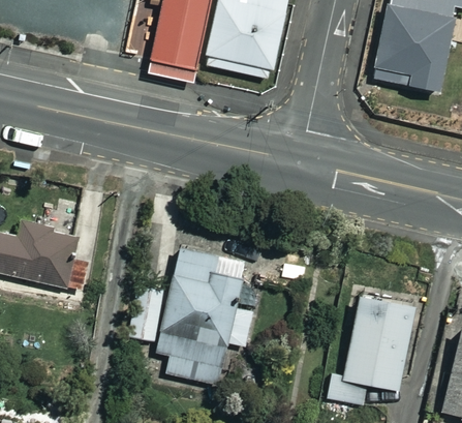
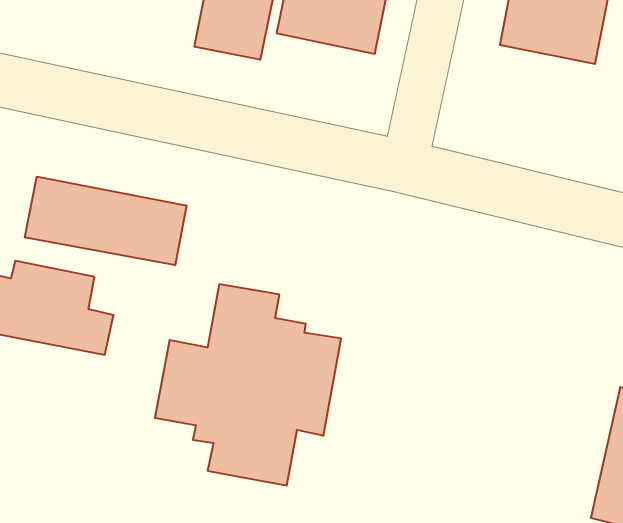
building: none -> [25,177,186,265]
building: [327,294,410,402] -> none

